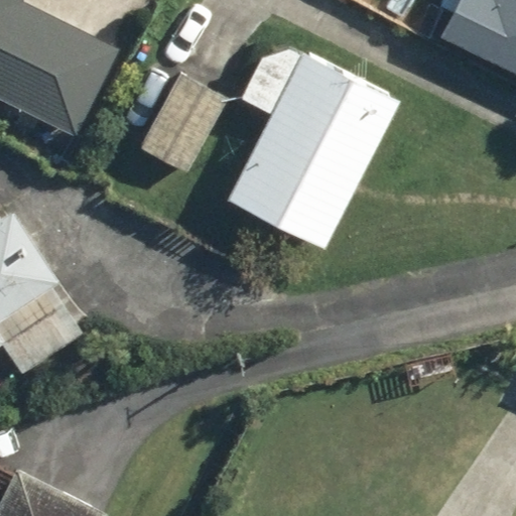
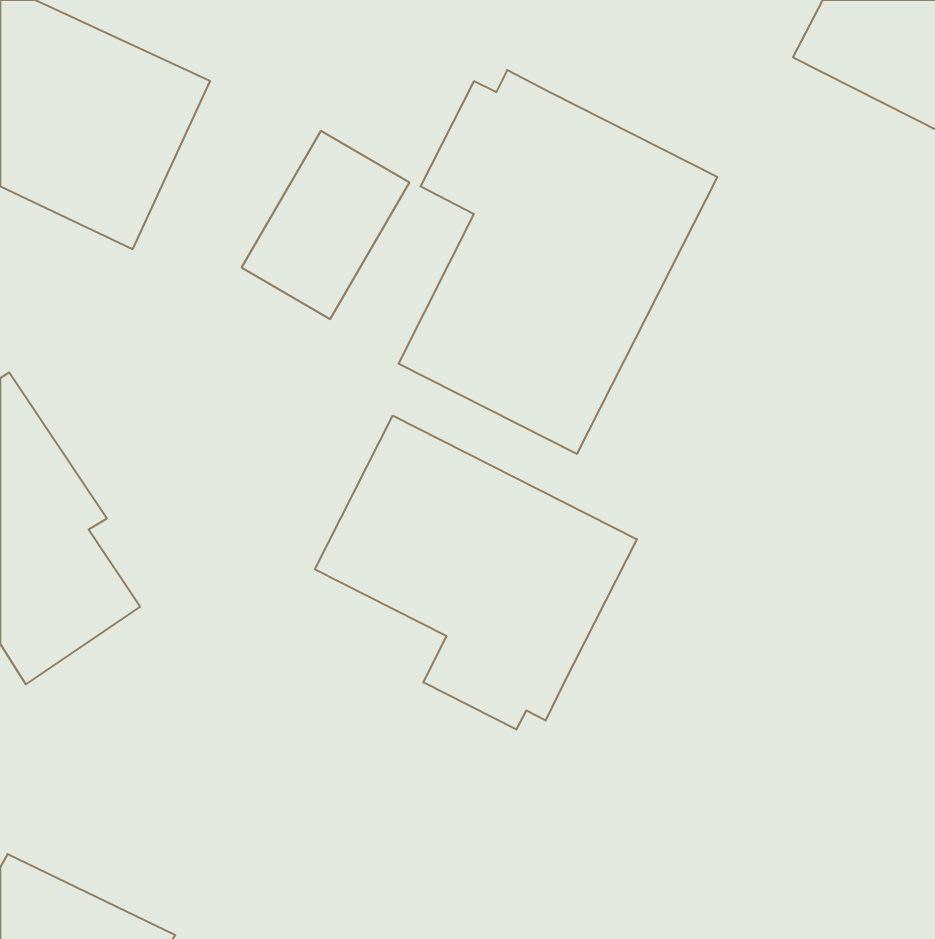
building: none -> [315,416,637,730]

